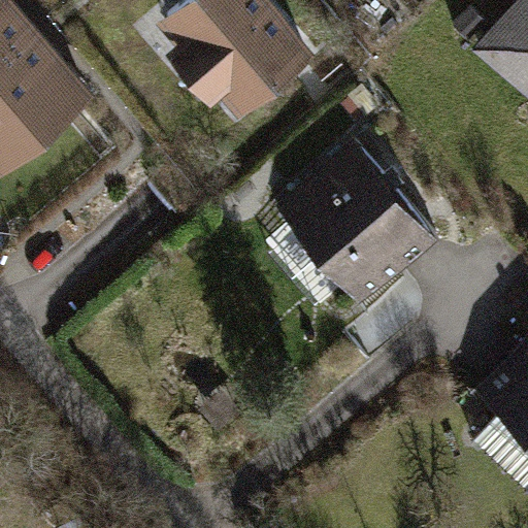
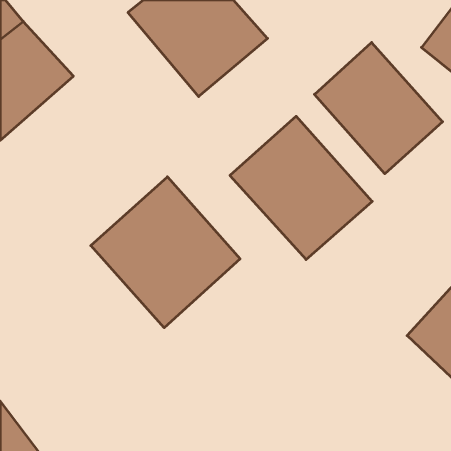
building: none -> [314,42,443,174]
building: none -> [91,177,240,328]

